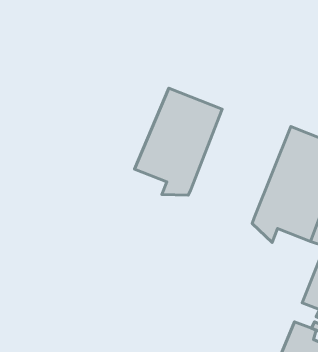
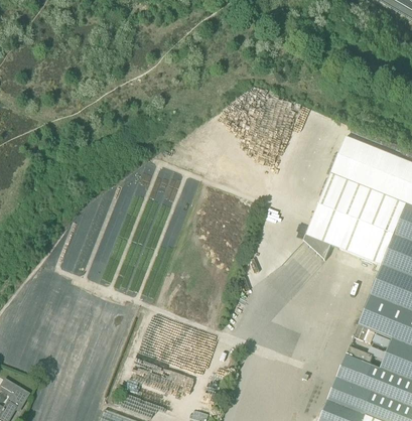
building: [135,88,222,195] -> none

